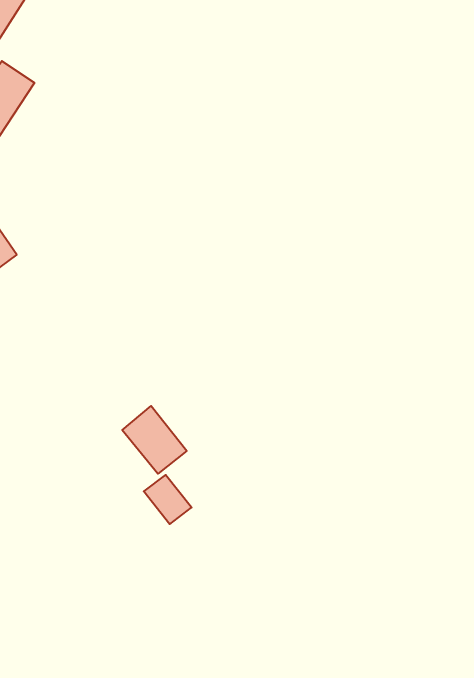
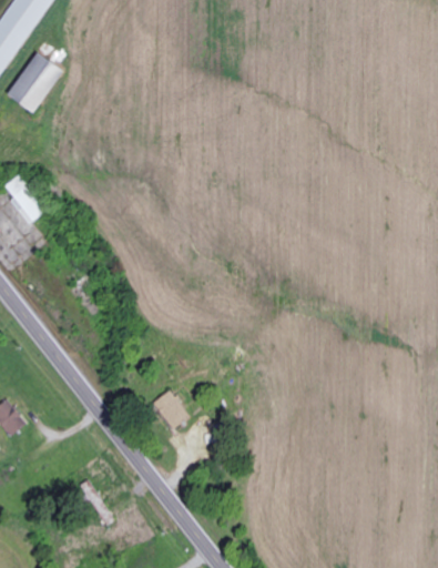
building: [122,406,187,474] -> none

